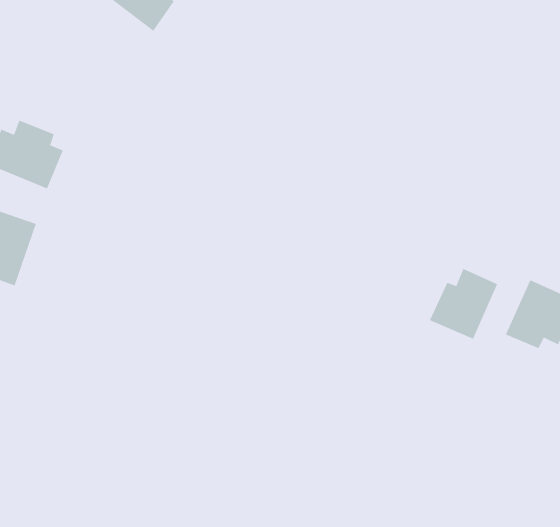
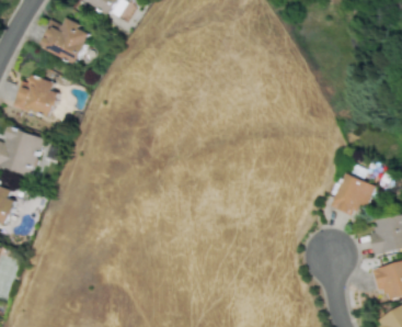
building: none -> [39,19,91,64]
building: [429,268,498,340] -> none

